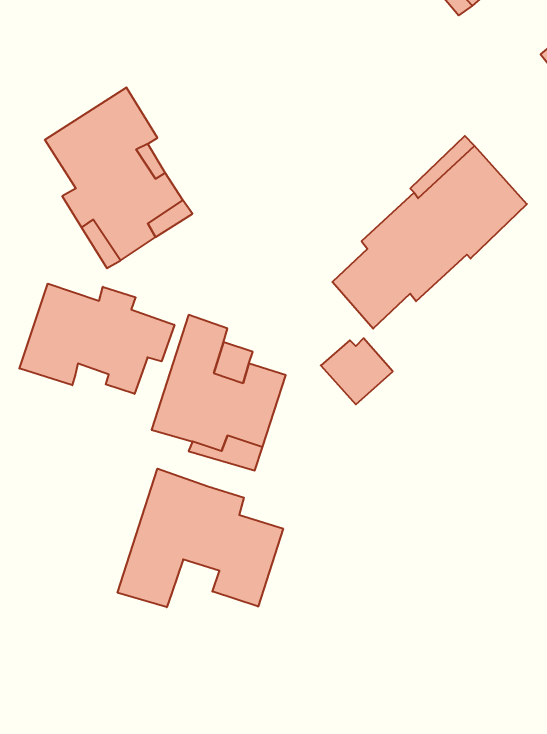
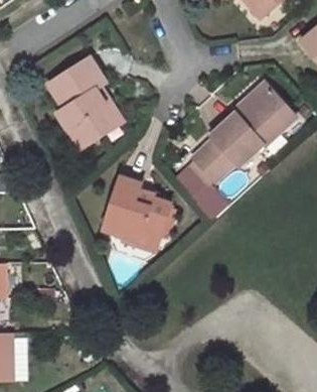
building: [19,284,174,394] -> none
building: [118,469,283,607] -> none

